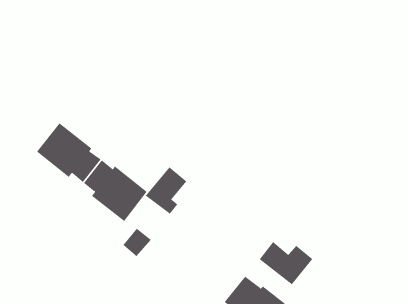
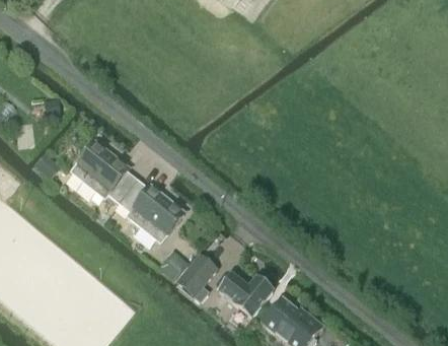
building: [145,166,187,215] -> [174,253,217,301]
building: [259,241,313,285] -> [218,273,273,318]

